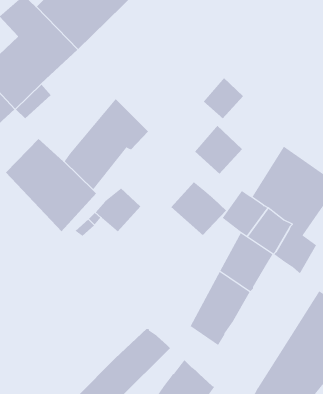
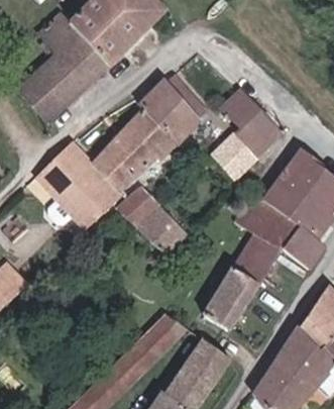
building: none -> [136,68,203,135]
building: none -> [232,103,279,151]
building: [171,182,227,236] -> [141,204,193,253]

